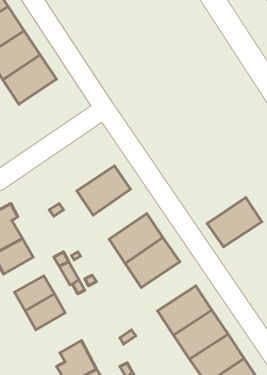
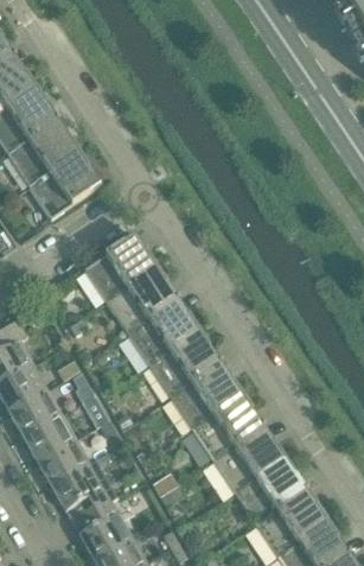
building: none -> [27,150,100,216]
building: none -> [83,231,154,298]
building: none -> [126,295,197,362]
building: [207,198,262,247] -> [190,392,262,457]
building: none -> [7,386,60,432]
building: none -> [50,459,110,513]

